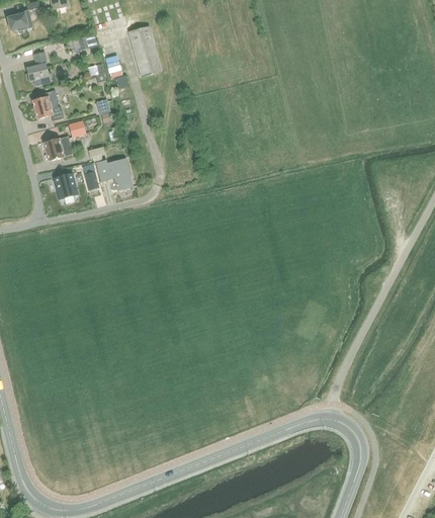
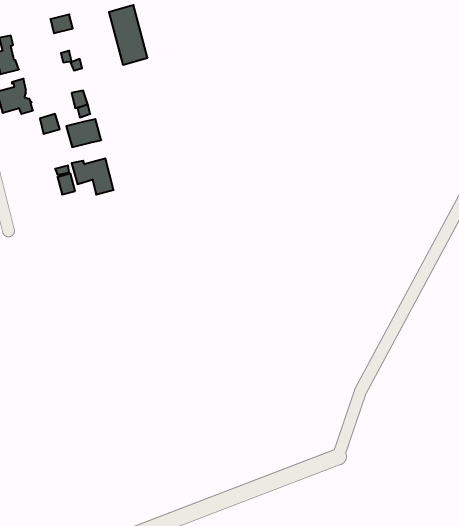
building: [42,136,73,160] -> [66,119,101,147]
building: [53,172,78,199] -> none

